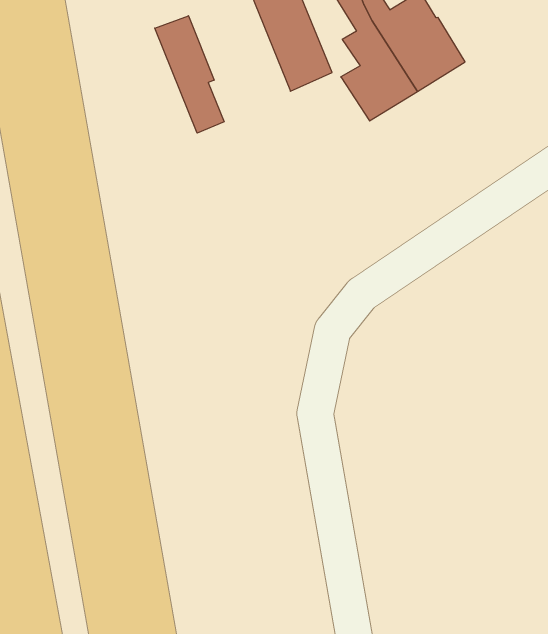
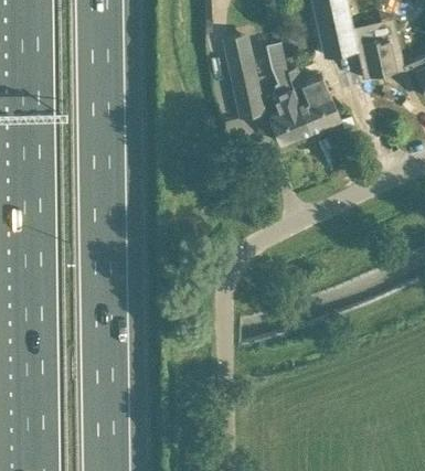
building: [155,16,224,133] -> none

